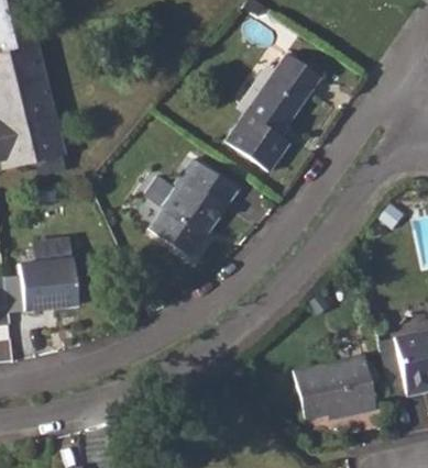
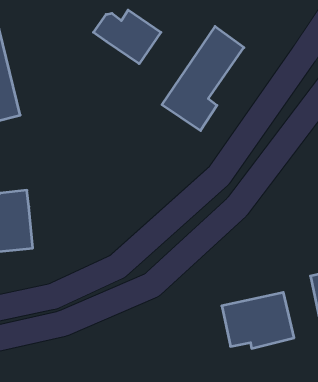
building: none -> [93,10,161,64]
building: [151,158,239,257] -> none

